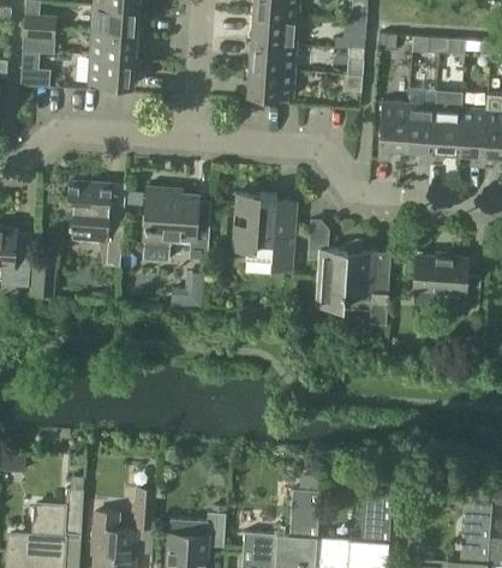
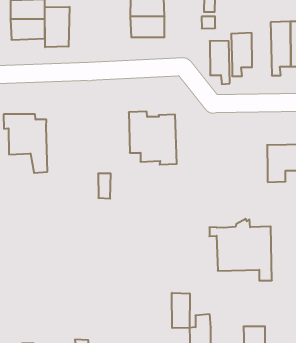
building: none -> [45,7,69,47]
building: [405,103,434,162] -> [210,41,230,84]
building: [143,189,211,261] -> none
building: [307,240,390,325] -> [209,219,272,281]
building: none -> [172,293,190,328]

